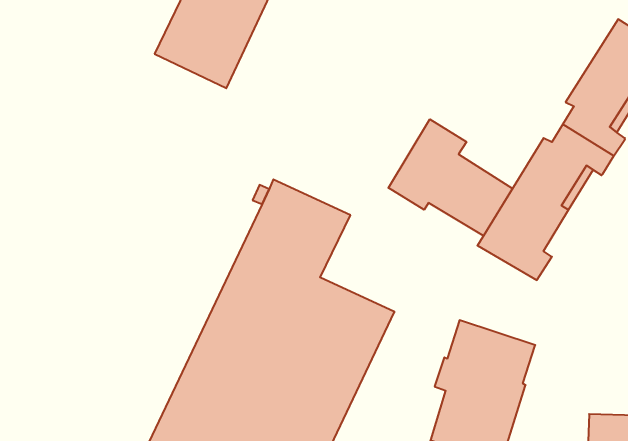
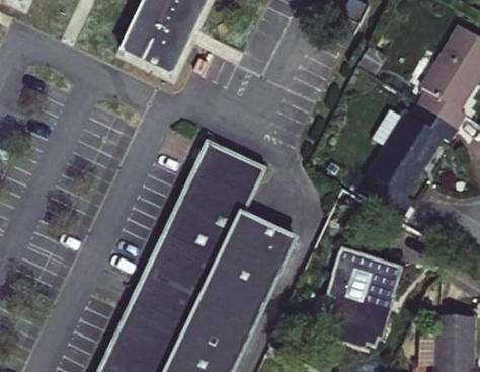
building: [388,119,513,236] -> none

